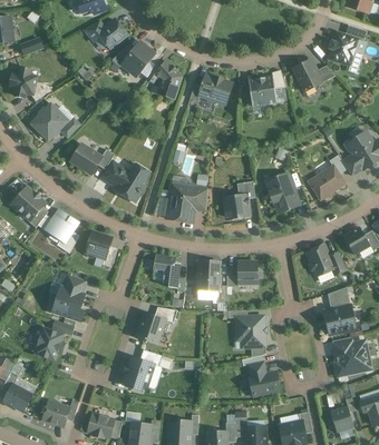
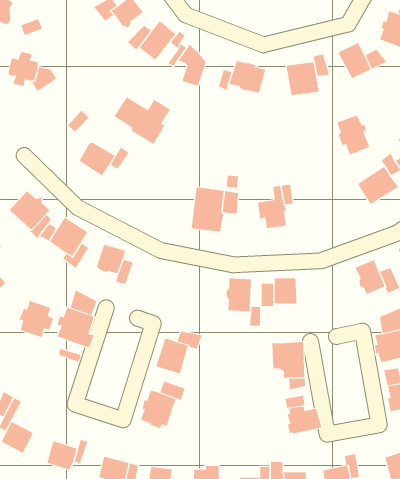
building: [32,105,67,139] -> none
building: [101,161,150,202] -> [114,97,171,145]
building: [269,176,298,210] -> [336,115,370,155]
building: [154,255,181,288] -> none
building: [35,328,65,360] -> [19,300,54,338]

